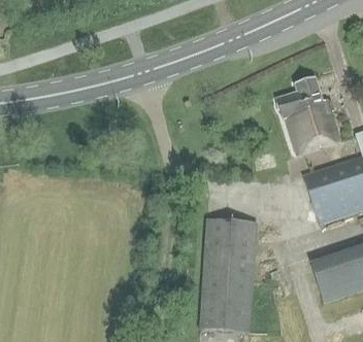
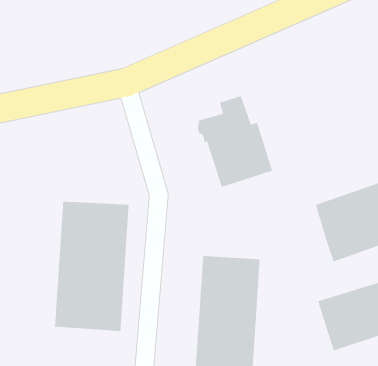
building: [276,76,341,156] -> [197,95,273,188]
building: none -> [54,201,130,332]

